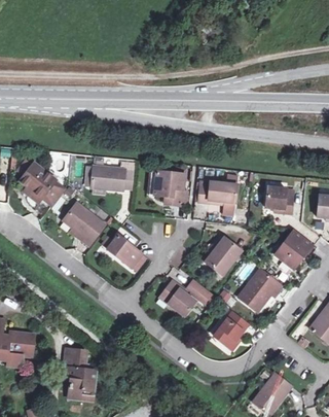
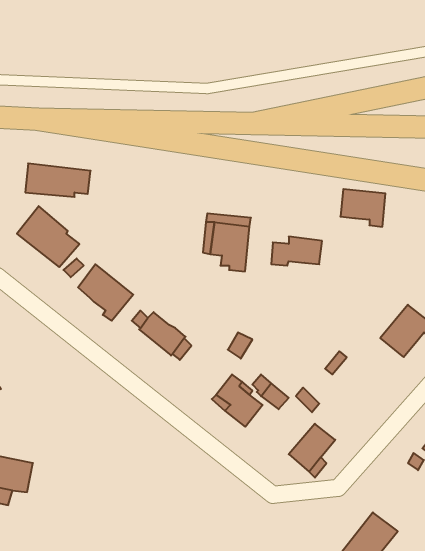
building: [90,165,137,188] -> [25,163,91,197]
building: [261,187,293,214] -> [340,189,385,227]
building: [205,239,240,273] -> none
building: [239,272,281,314] -> none
building: [67,346,101,398] -> none

